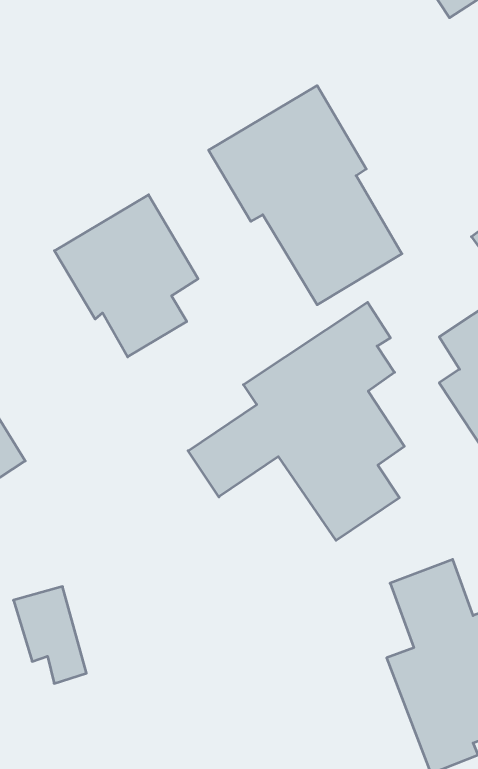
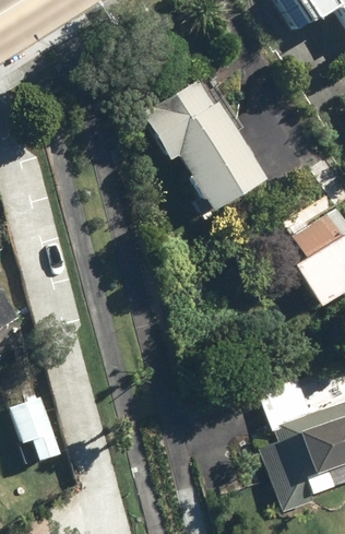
building: [54,195,198,357] -> none
building: [188,302,404,540] -> none

